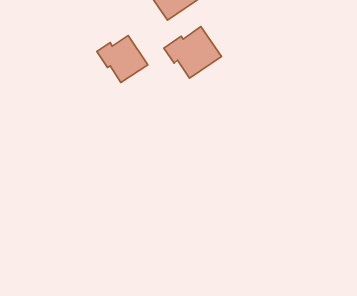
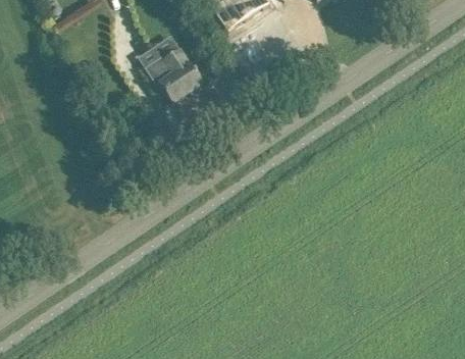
building: [164,26,221,78] -> none

